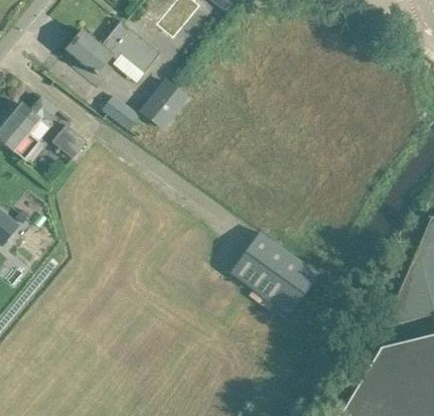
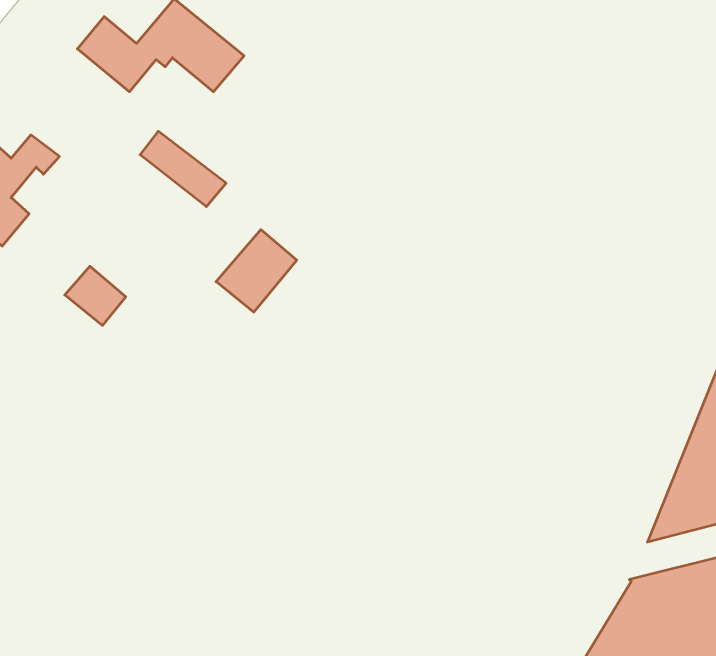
building: [142,81,187,127] -> [216,230,297,312]
building: [52,125,87,158] -> [65,266,126,325]
building: [231,233,320,318] -> none

